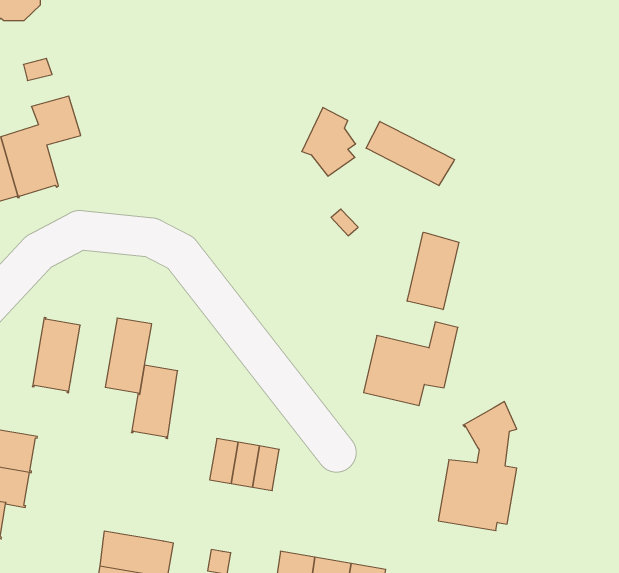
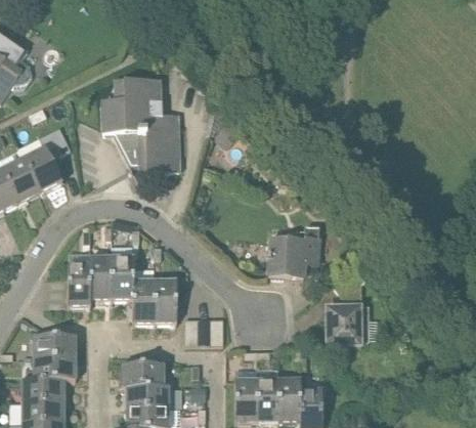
building: none -> [102,80,179,169]
building: [366,121,455,186] -> none
building: [407,232,459,310] -> none
building: none -> [90,254,112,298]
building: none -> [154,279,176,322]
building: none -> [121,362,164,385]

